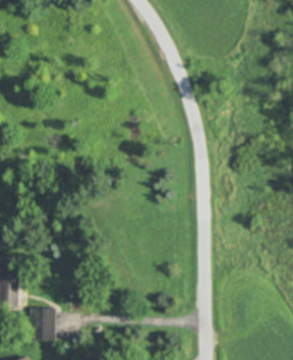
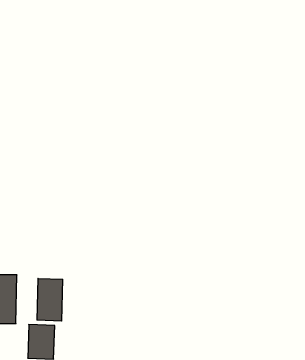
building: none -> [37,278,63,321]

